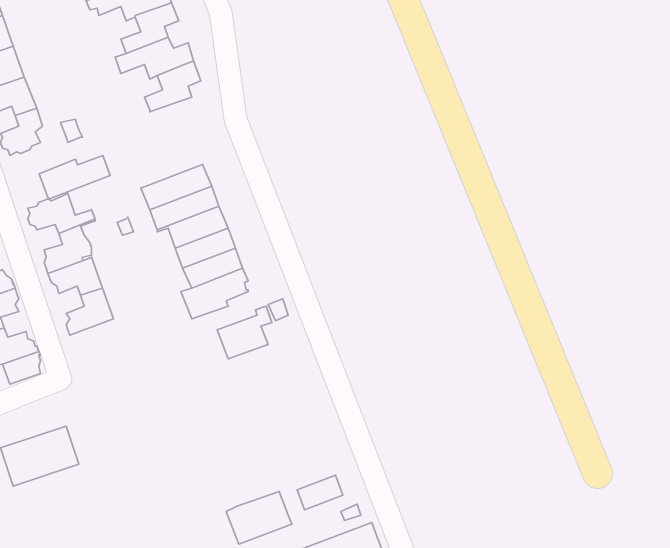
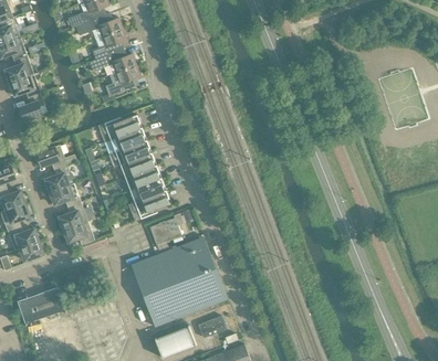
building: [39,156,110,199] -> [97,114,140,140]
building: none -> [60,220,94,244]
building: none -> [131,236,227,326]

